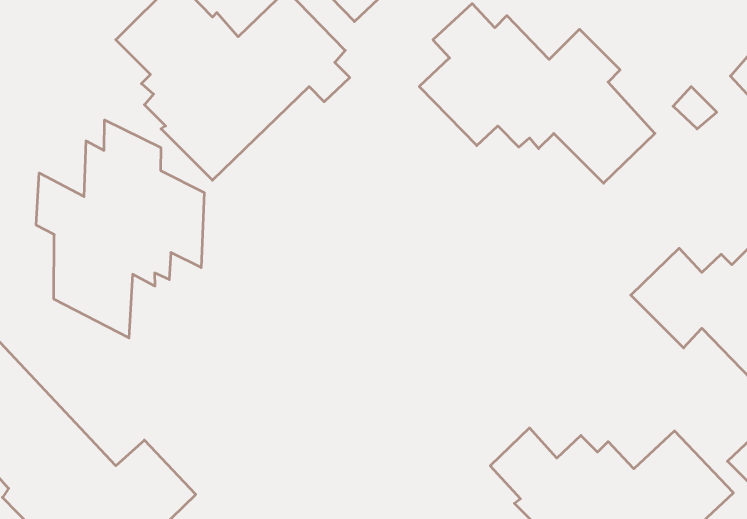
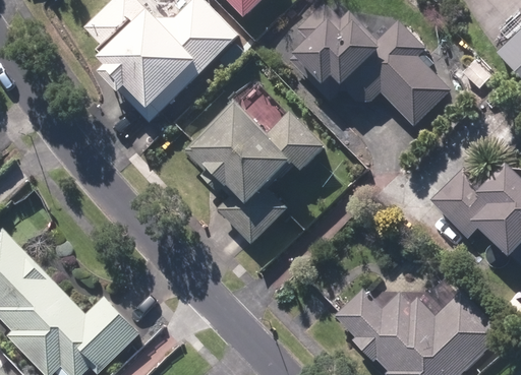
building: [36,120,204,338] -> none
building: none -> [188,102,330,243]

